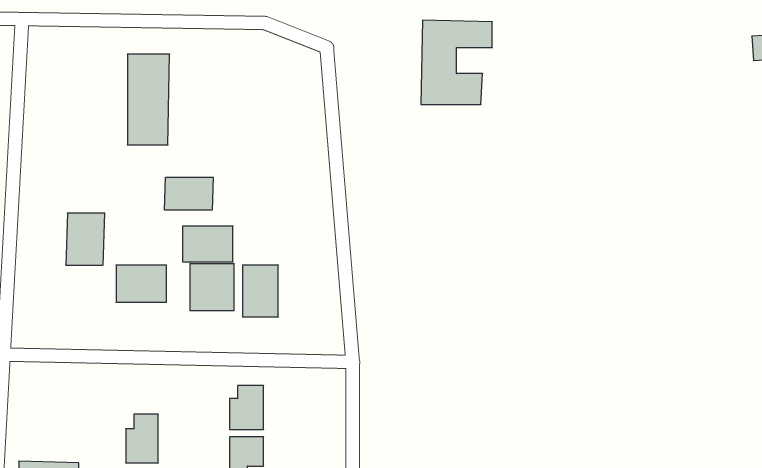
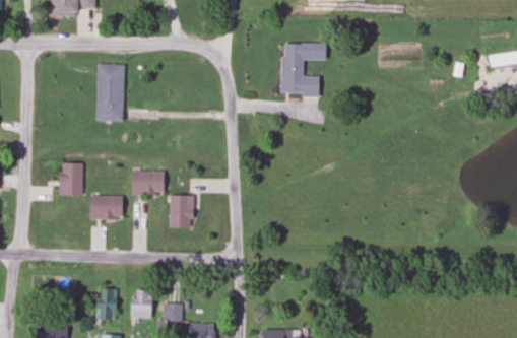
building: [165,177,213,210] -> none
building: [190,263,234,311] -> none
building: [230,386,264,429] -> [131,290,152,318]

